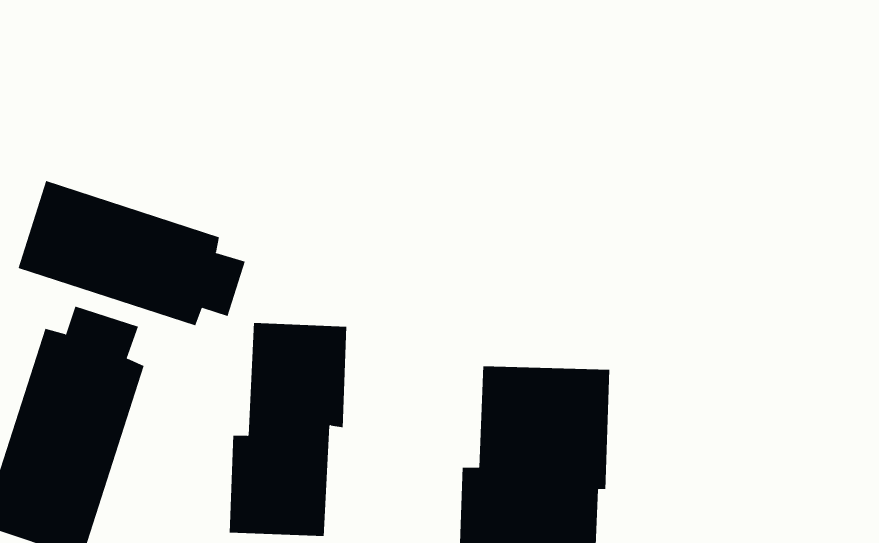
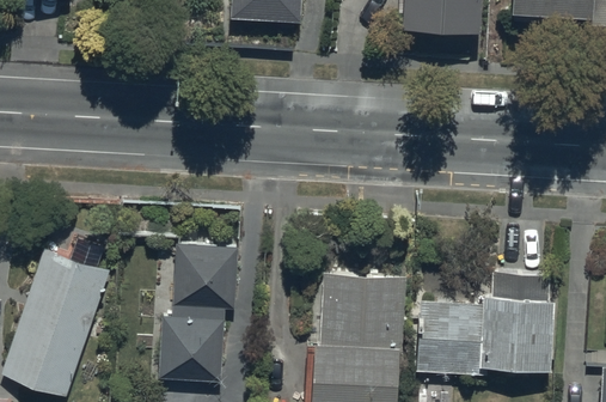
building: [18,180,246,326] -> none
building: none -> [416,274,547,374]

